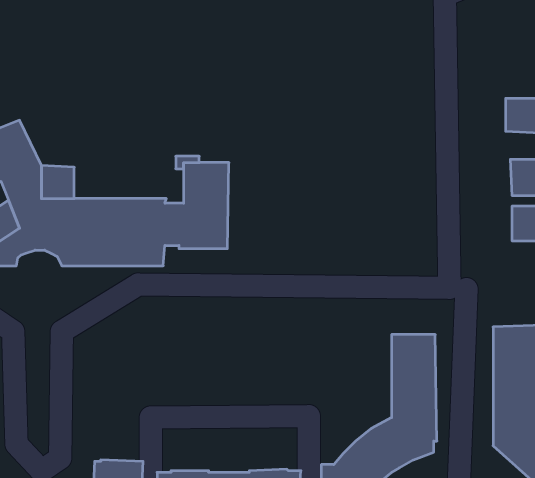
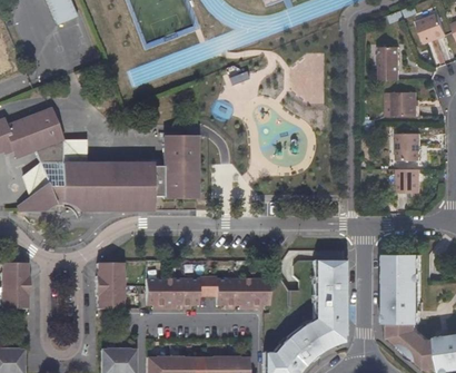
building: none -> [381,47,402,80]
building: none -> [96,263,123,310]
building: none -> [146,276,268,308]

